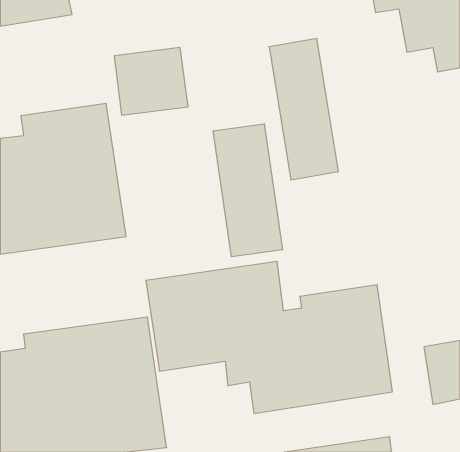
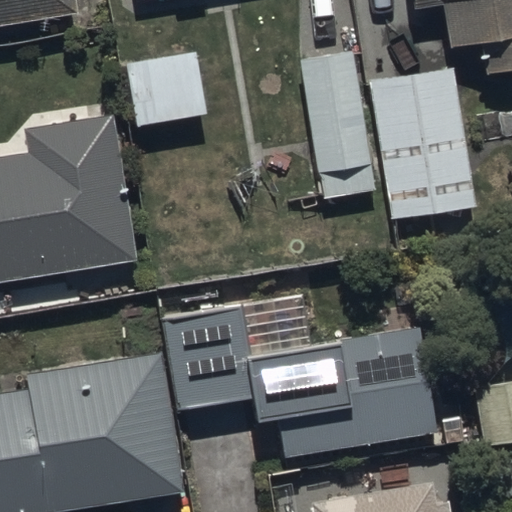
building: none -> [367,62,478,221]
building: [213,124,282,257] -> none

